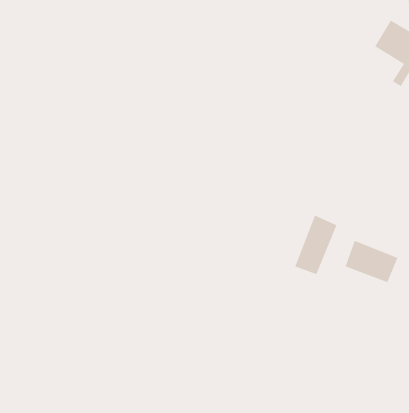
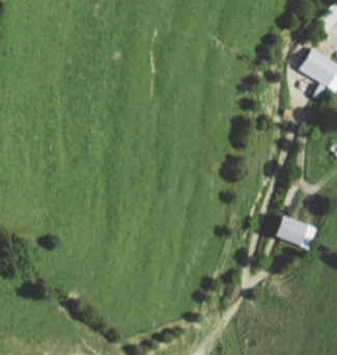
building: [294,214,337,275] -> none

